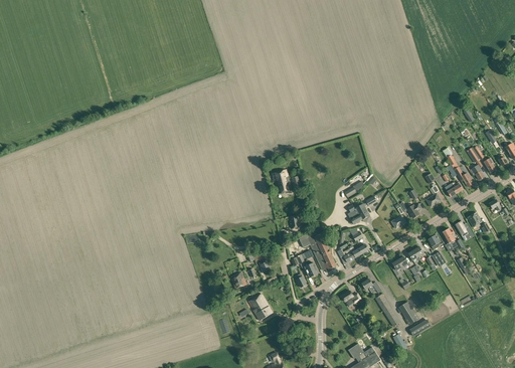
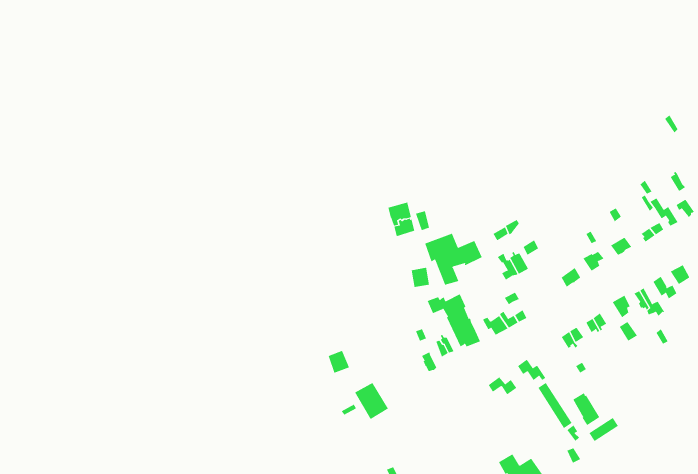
building: none -> [424,233,482,286]

